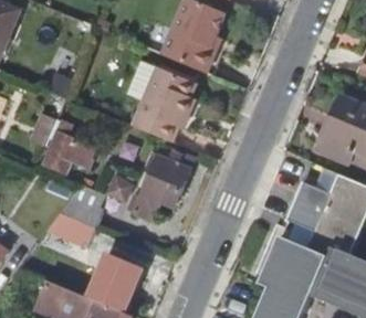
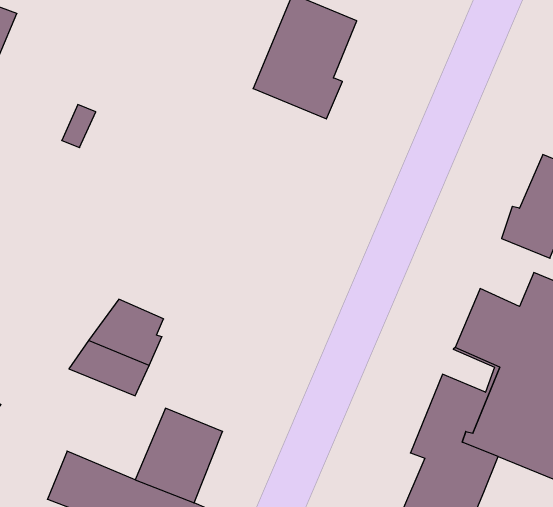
building: [134,67,201,146] -> none
building: [45,119,80,172] -> none
building: [124,151,189,220] -> none

